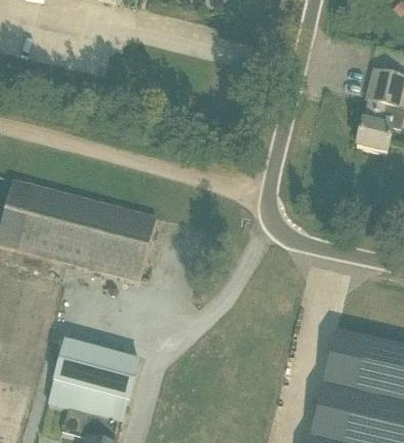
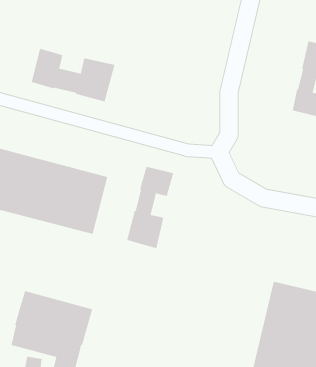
building: none -> [31,48,115,102]
building: none -> [126,166,174,249]

